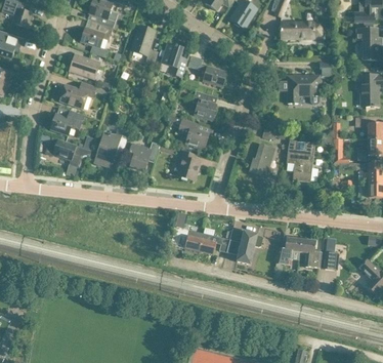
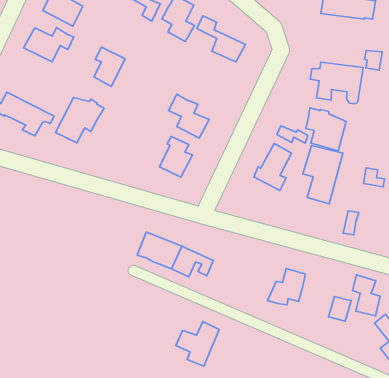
building: [192,89,217,119] -> none
building: [50,110,83,134] -> none
building: none -> [306,108,346,151]
building: [129,142,152,170] -> [94,47,125,86]
building: [226,230,257,264] -> [176,321,219,366]
building: [300,238,322,267] -> [353,275,380,316]

